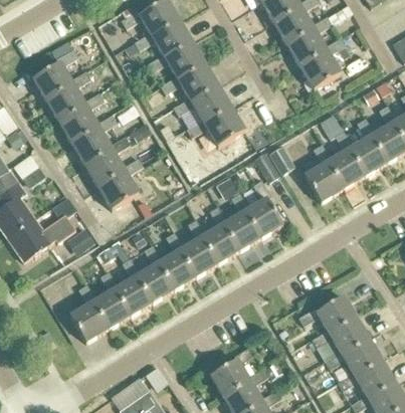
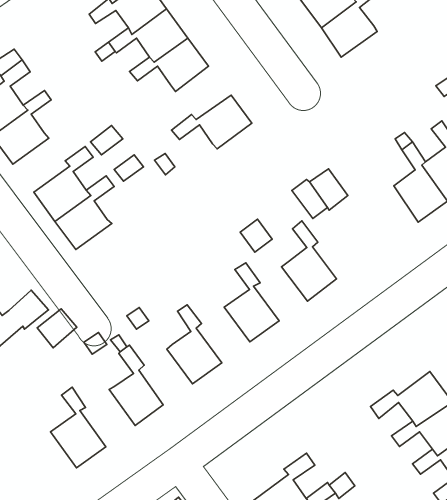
building: [299,36,345,88] -> none
building: [162,64,219,101] -> none
building: [60,92,105,143] -> none
building: [188,108,245,146] -> none
building: [306,144,344,201] -> none
building: [99,158,144,208] -> none
building: [223,193,260,249] -> none
building: [180,219,217,275] -> none
building: [137,244,174,301] -> none
building: [92,270,131,328] -> none

